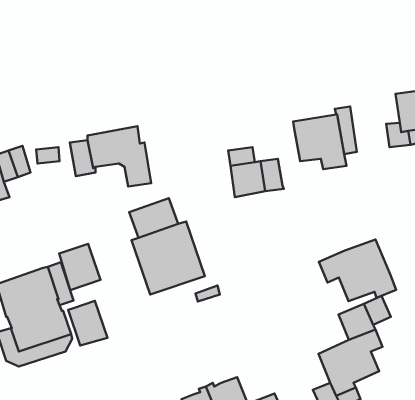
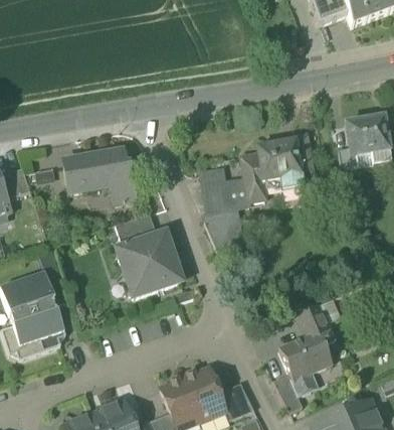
building: none -> [240,152,265,201]
building: none -> [204,210,244,256]
building: [319,240,396,301] -> none
building: [59,244,100,290] -> none
building: [68,301,107,346] -> none

